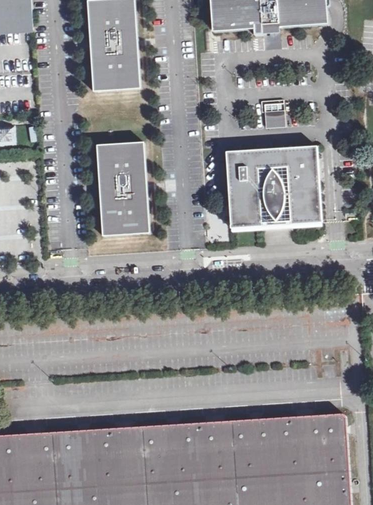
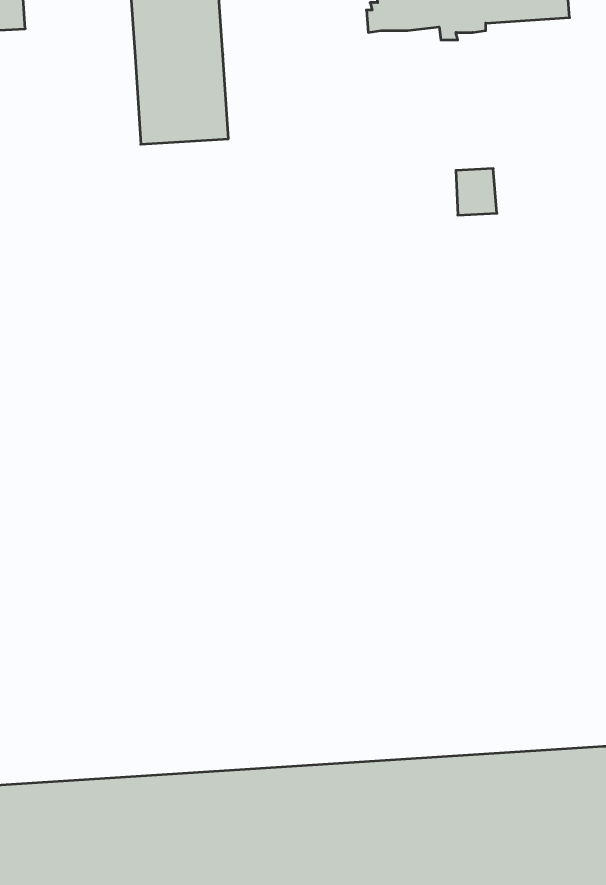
building: [97,142,149,236] -> none
building: [222,146,319,232] -> none

